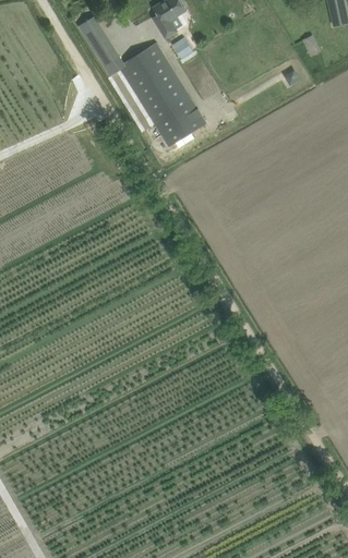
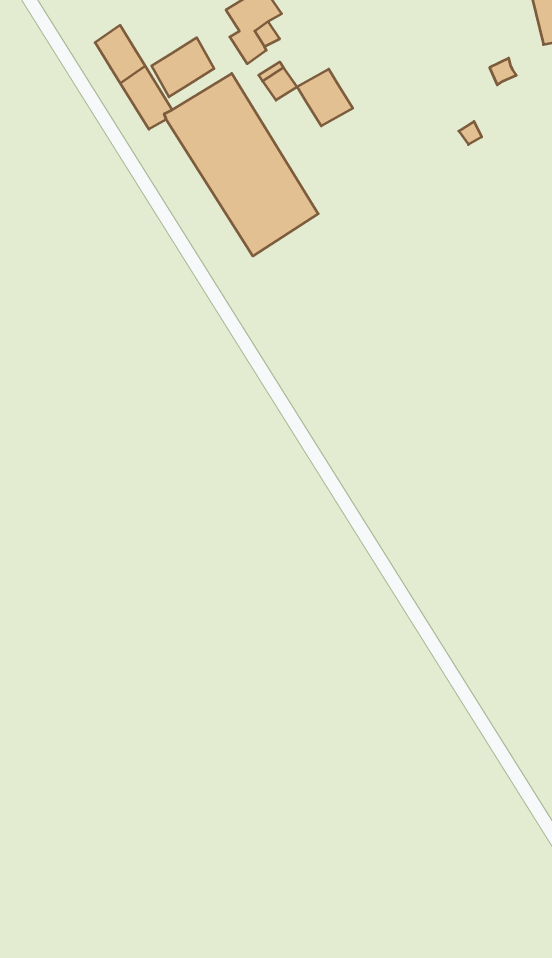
building: none -> [152,38,214,97]
building: none -> [297,69,353,126]

